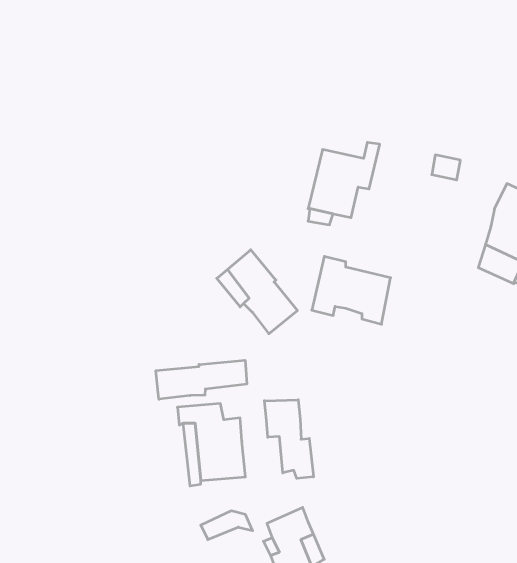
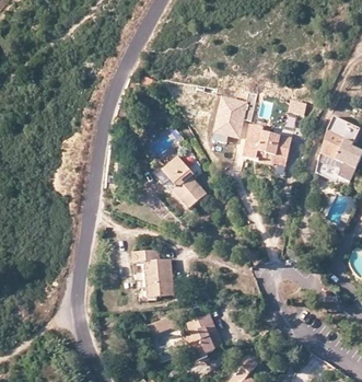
building: [312,256,391,324] -> [243,124,291,165]
building: [156,360,247,399] -> none
building: [264,400,313,478] -> none

